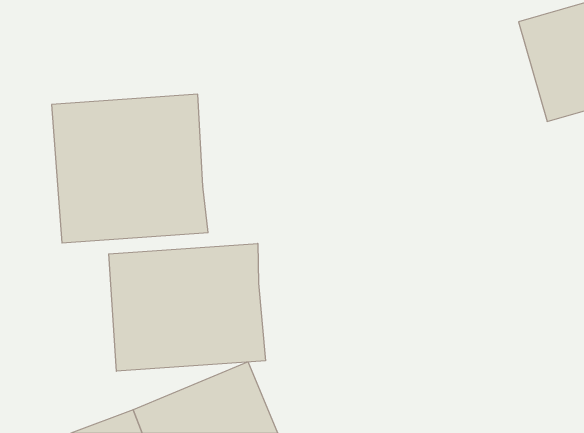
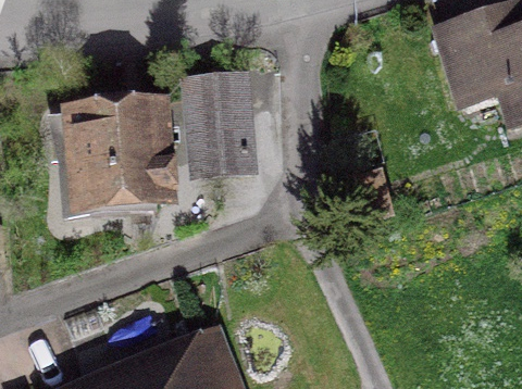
building: none -> [176,72,257,174]
building: [109,243,265,371] -> none

